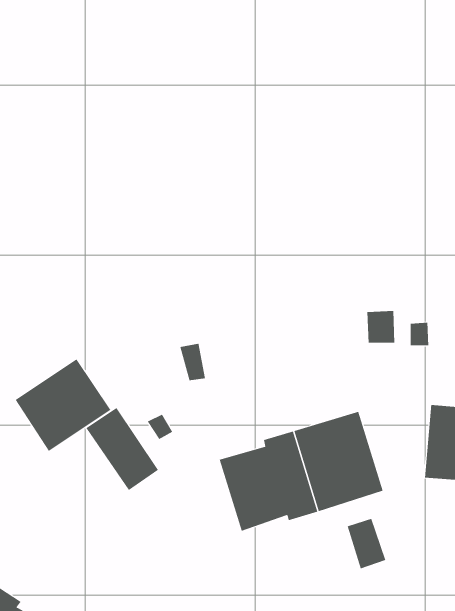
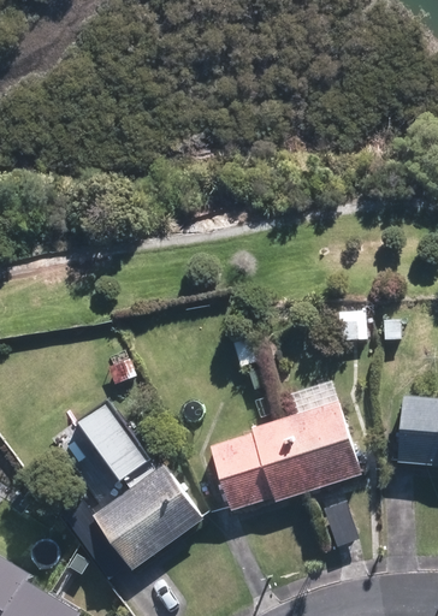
building: [15,359,111,452] -> none
building: none -> [95,457,207,568]

